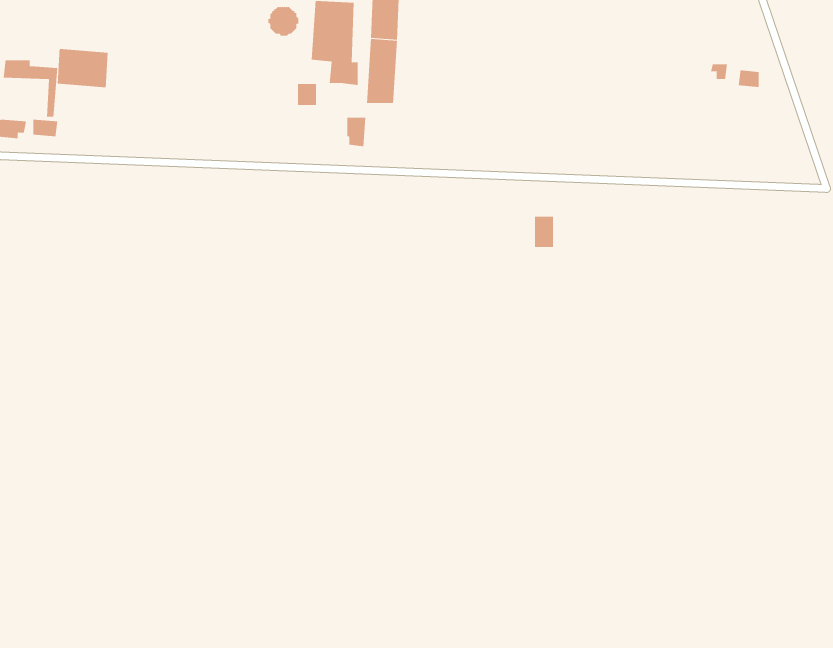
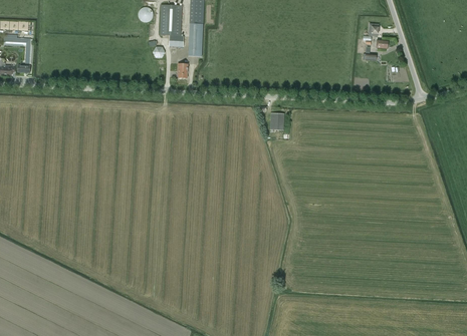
building: [57,48,108,88] -> none

